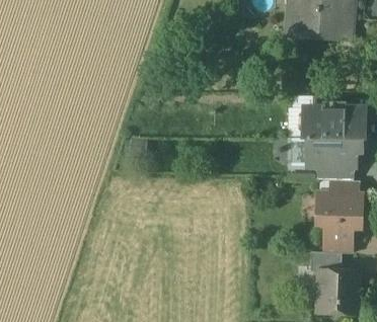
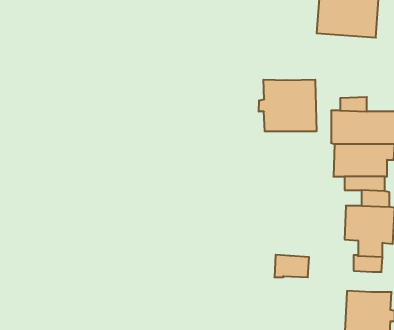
building: none -> [259,80,316,131]
building: [310,251,342,271] -> [274,255,309,277]

